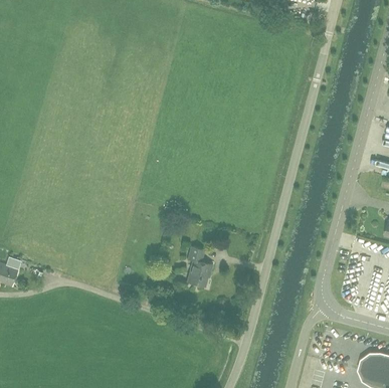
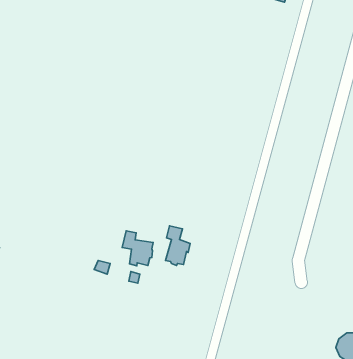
building: none -> [122,231,153,266]

